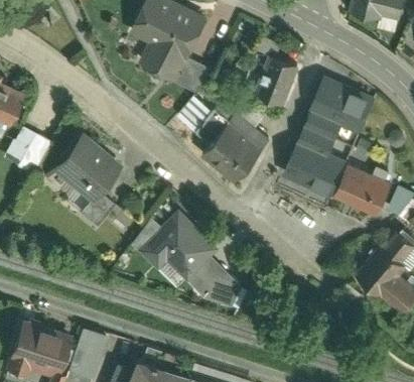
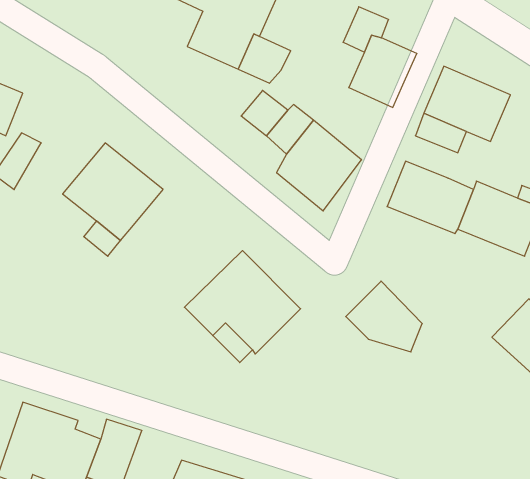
building: [295,129,332,159] -> none
building: [17,134,49,177] -> none
building: [84,193,117,228] -> none
building: [188,259,243,309] -> [346,281,422,352]

